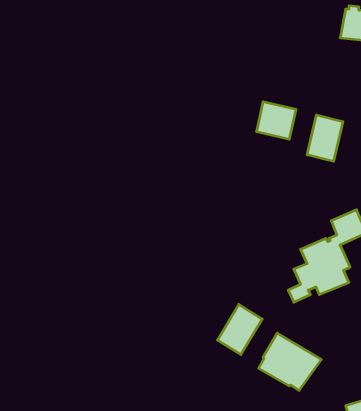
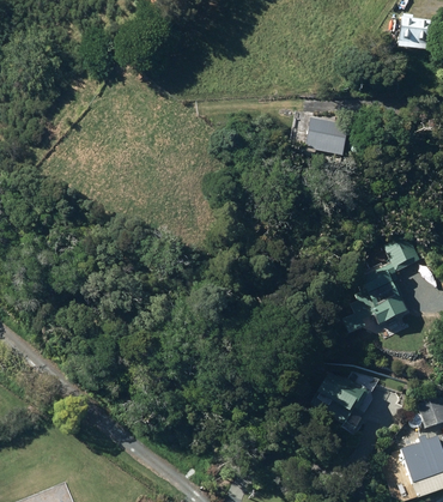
building: [307,115,343,161] -> none
building: [217,304,262,355] -> none

